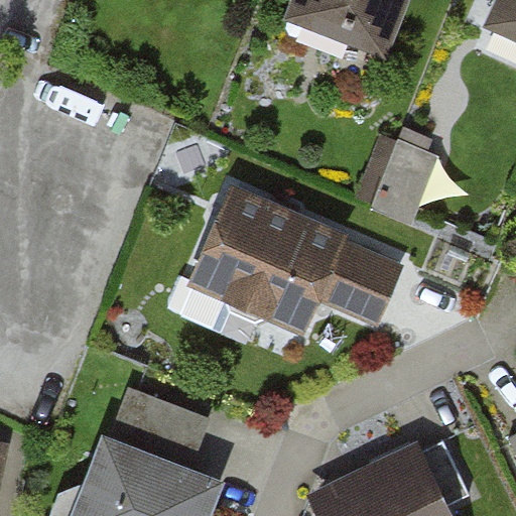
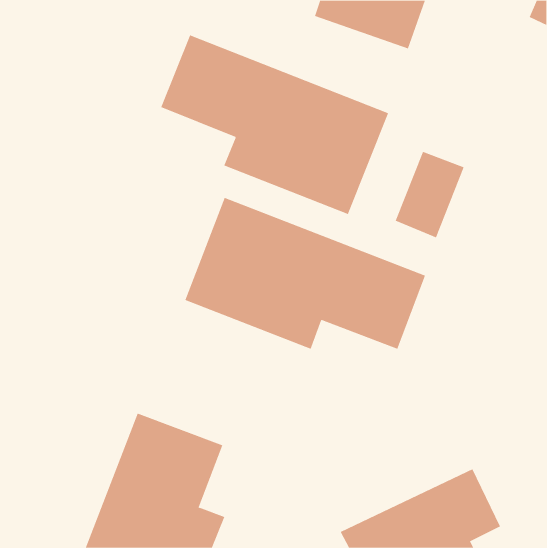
building: none -> [160,35,389,215]

